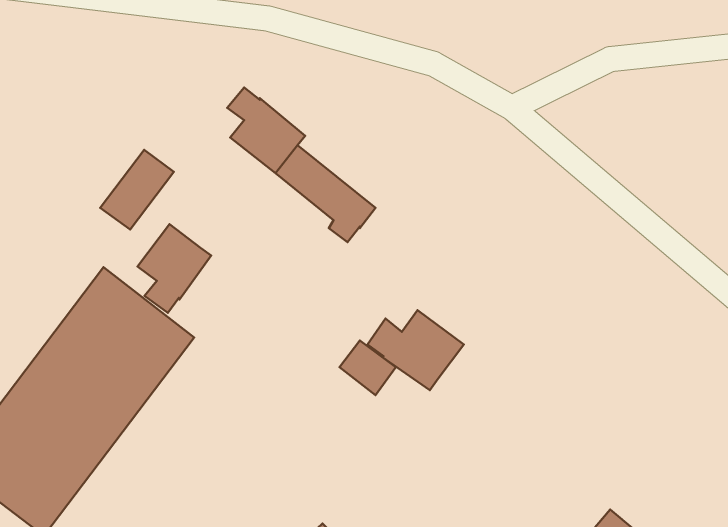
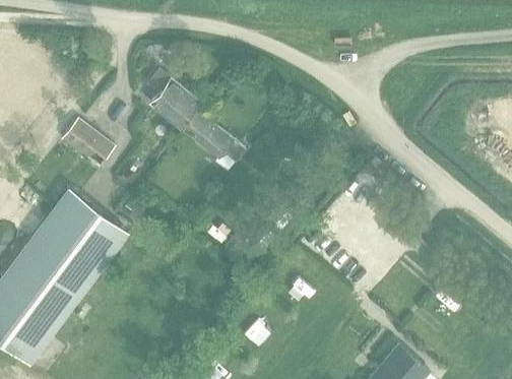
building: [137,224,211,313] -> none
building: [367,310,464,390] -> none

